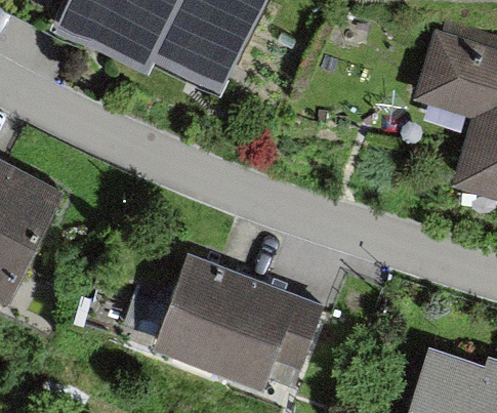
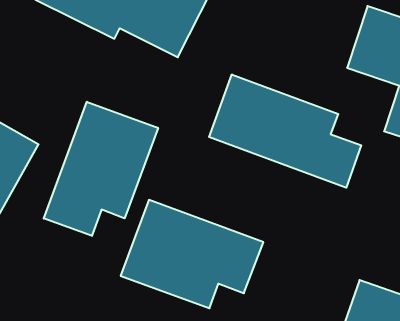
building: none -> [209,74,361,188]
building: none -> [44,102,158,236]

